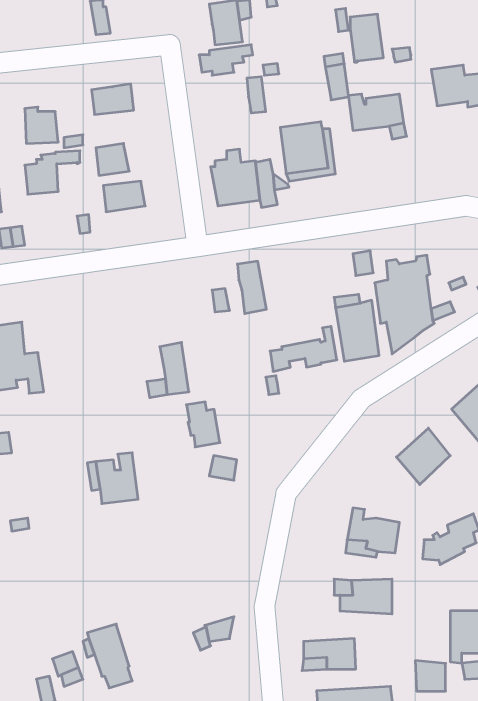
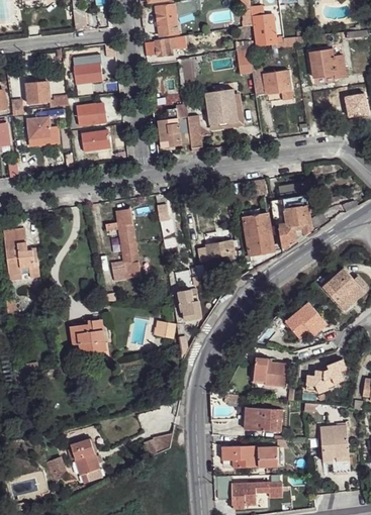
building: [237,261,266,314] -> [115,208,135,244]
building: [186,402,220,447] -> [178,289,201,320]
building: [415,661,446,691] -> [256,447,277,469]

